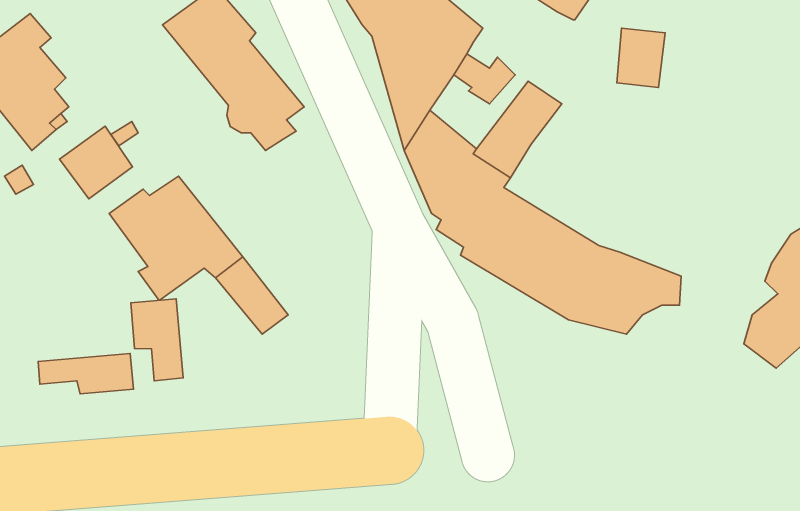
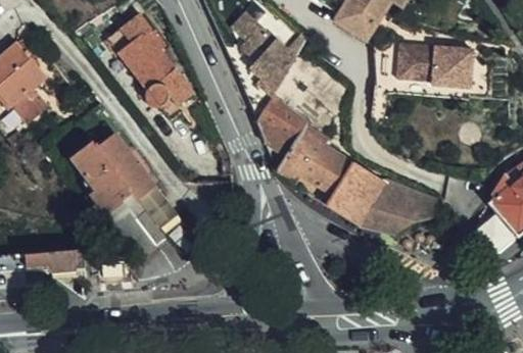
building: none -> [419,45,471,97]
building: [60,126,133,199] -> none
building: [131,299,183,381] -> none

